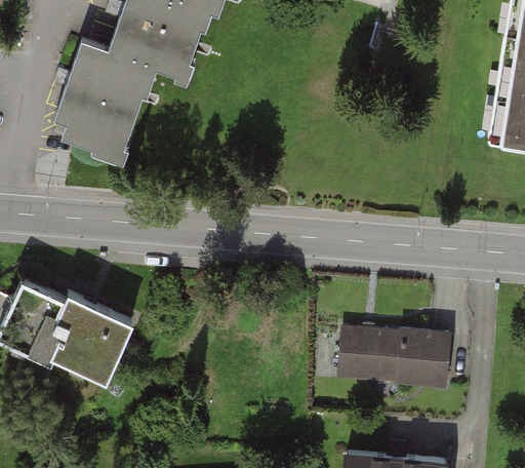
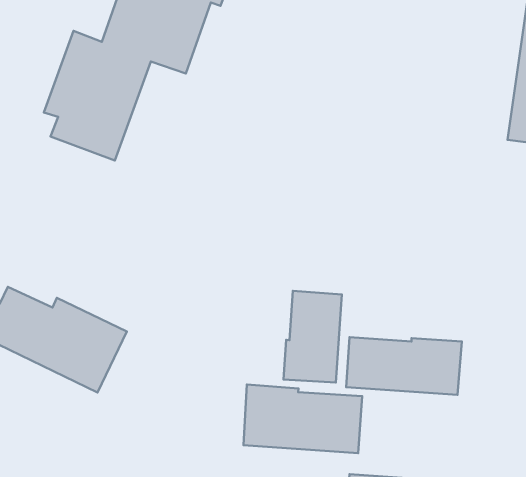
building: none -> [283,291,342,382]
building: none -> [243,385,362,453]

